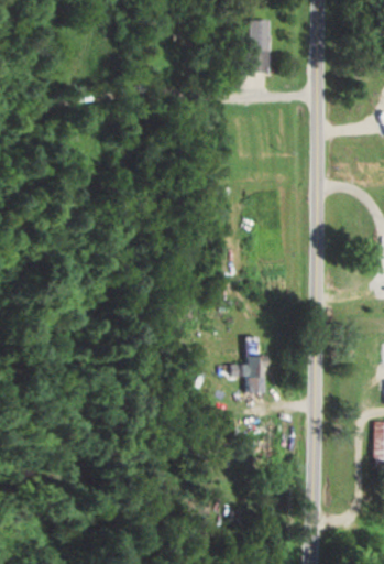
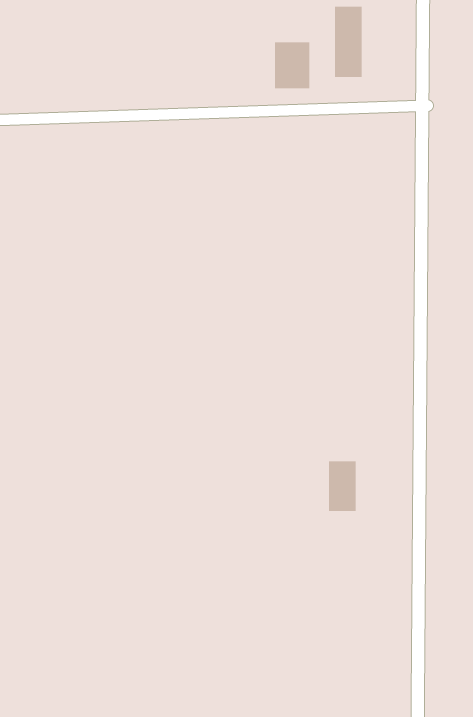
building: none -> [274,41,310,89]

